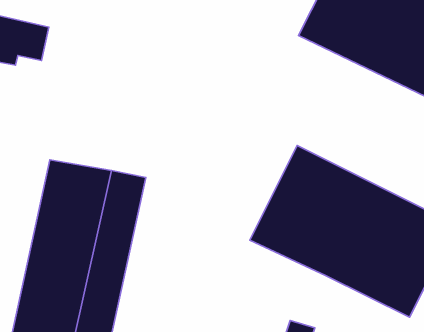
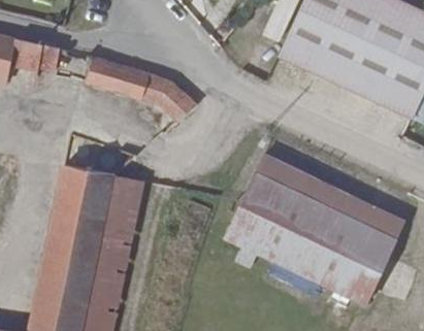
building: none -> [94,58,207,121]

